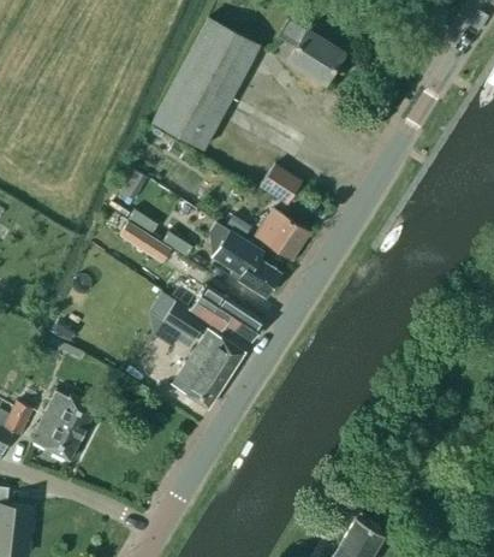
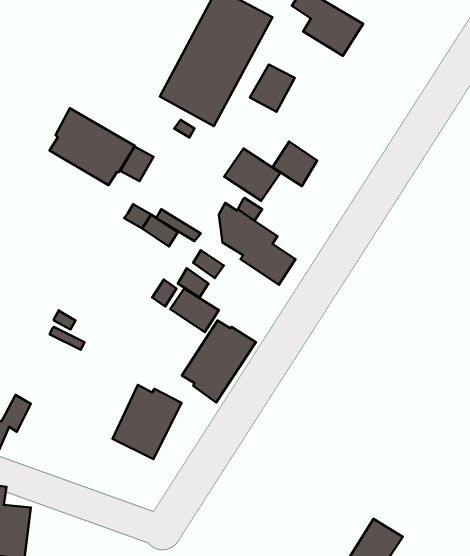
building: none -> [250,65,295,112]
building: none -> [49,108,135,185]
building: [255,209,308,259] -> [224,148,280,201]
building: [206,296,262,340] -> none
building: [30,391,95,461] -> [112,385,181,459]

